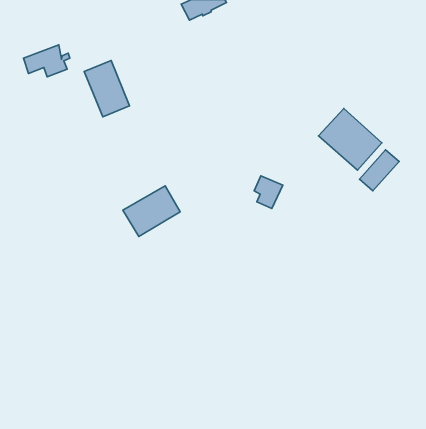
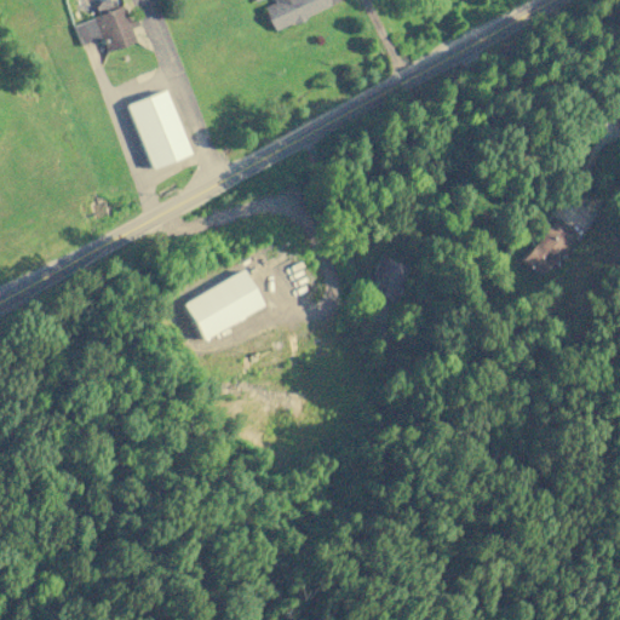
building: [23,45,70,77] -> [75,5,142,51]
building: [319,108,382,170] -> none

